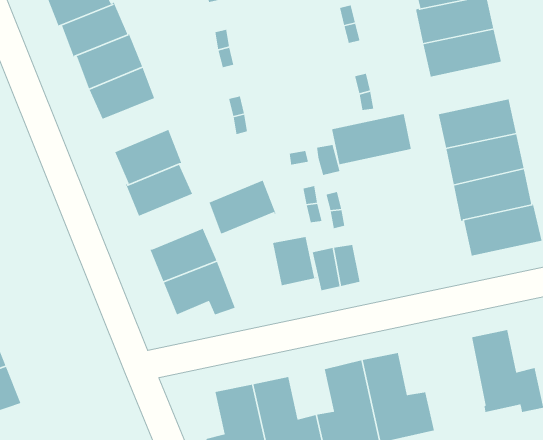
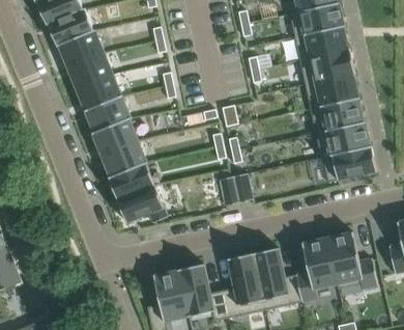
building: none -> [76,74,121,110]
building: [331,112,412,165] -> [299,48,354,84]
building: [209,180,277,234] -> [100,139,147,176]
building: [272,236,318,286] -> none
building: none -> [296,237,337,301]

